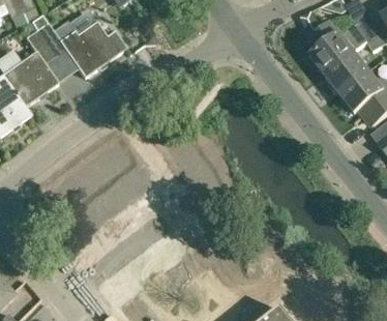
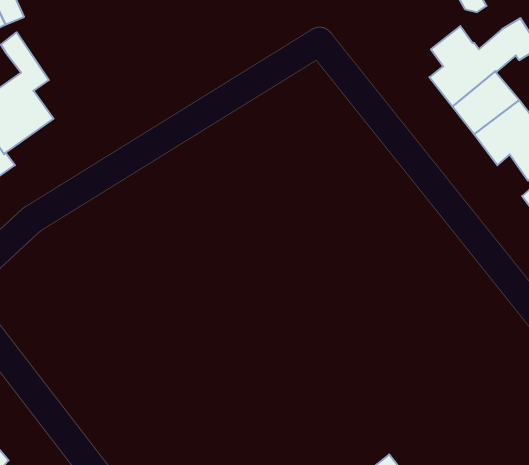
building: [32,17,126,77] -> none

